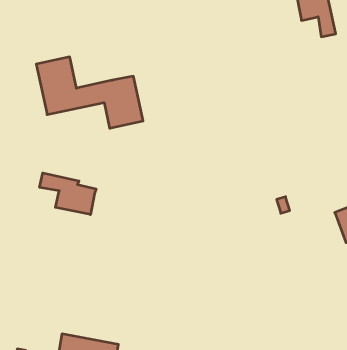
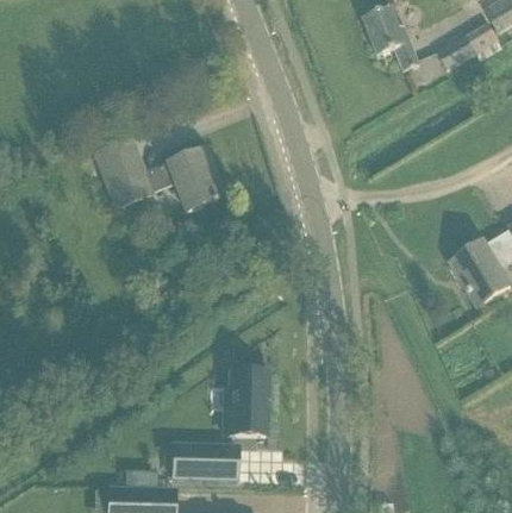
building: [40,173,96,215] -> none
building: none -> [223,364,266,436]

